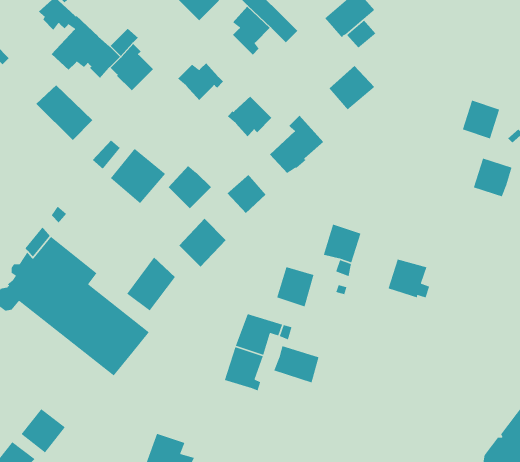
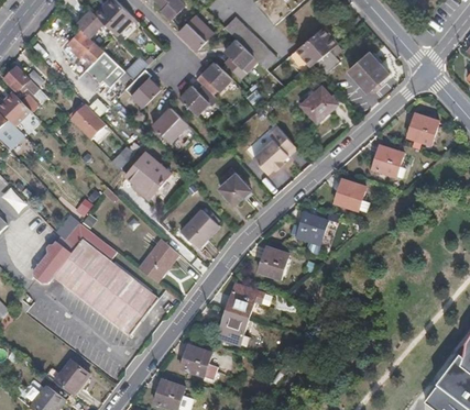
building: none -> [347,52,387,92]
building: [227,96,272,137] -> [195,62,231,95]
building: [473,157,513,197] -> [371,145,403,177]
building: [168,165,212,209] -> [152,107,187,142]
building: [388,258,430,298] -> [334,179,368,211]
building: [273,345,320,383] -> none
building: none -> [179,345,216,379]

